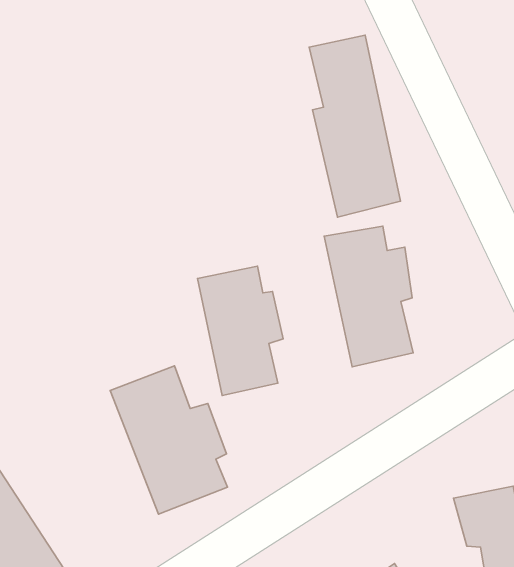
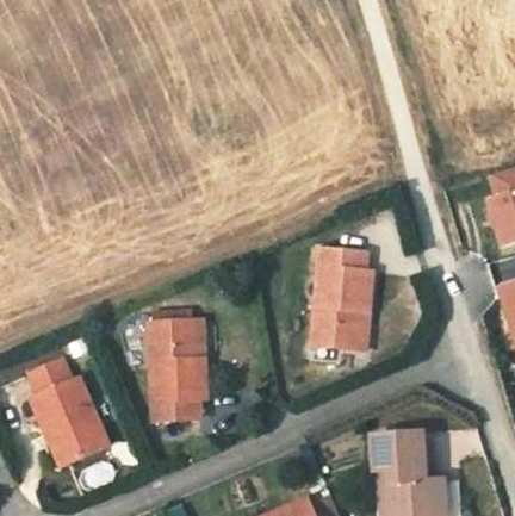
building: [309,35,400,217] -> none
building: [197,266,283,396] -> none

